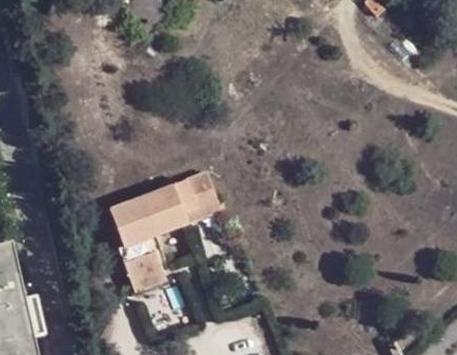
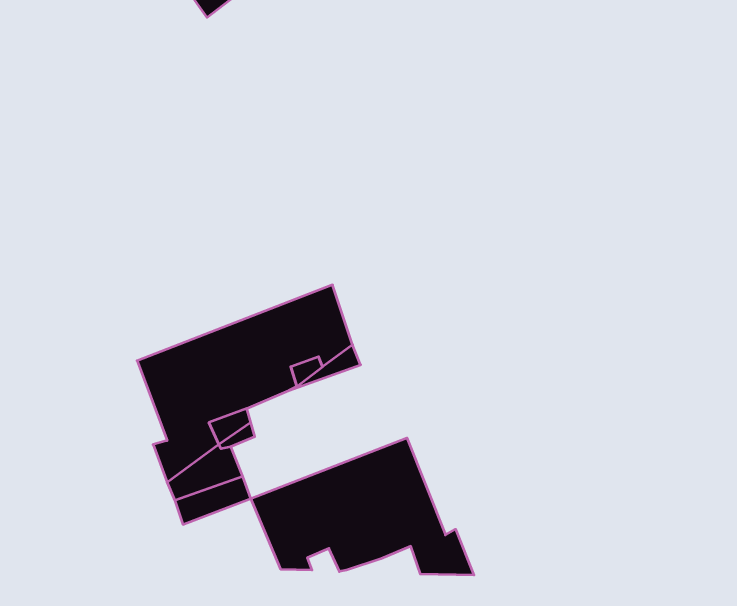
building: none -> [251,438,474,575]

